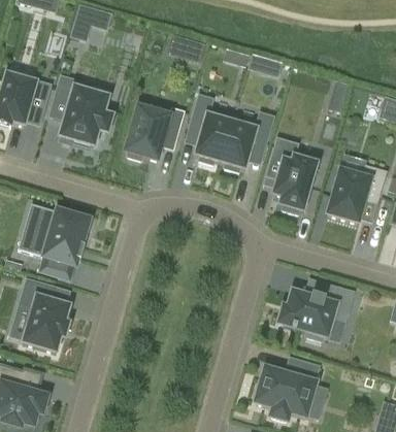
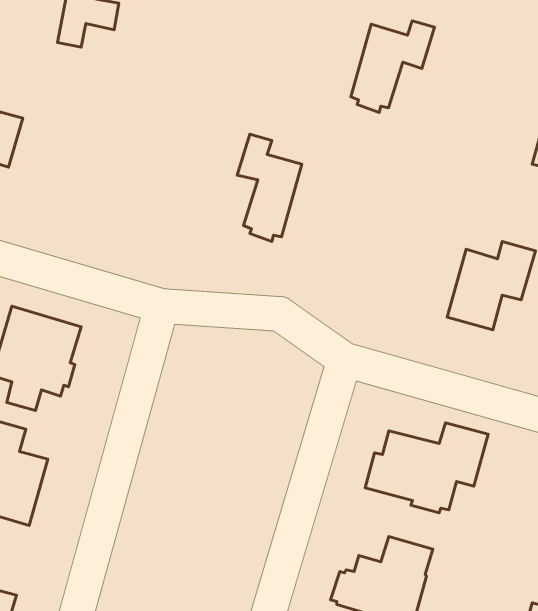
building: [51,75,113,149] -> none
building: [125,106,185,161] -> none
building: [220,112,274,172] -> [351,21,434,113]
building: [265,136,316,214] -> none

